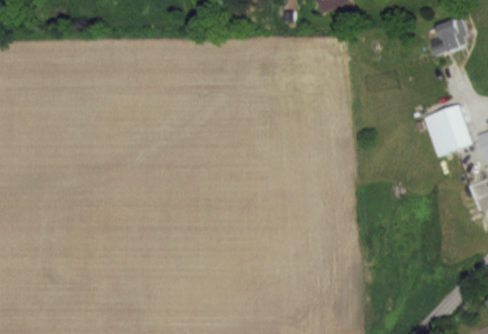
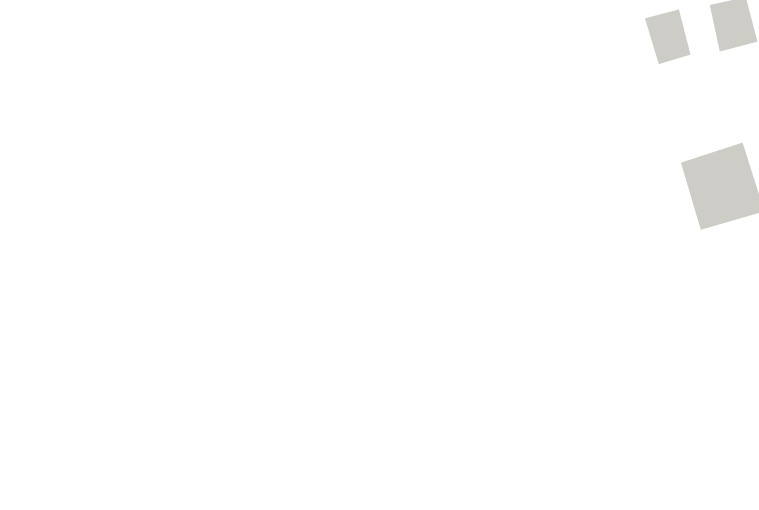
building: none -> [644,9,691,65]

